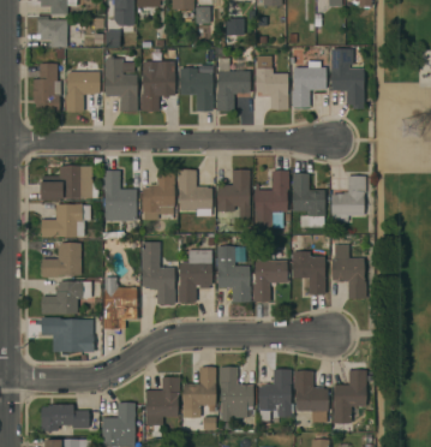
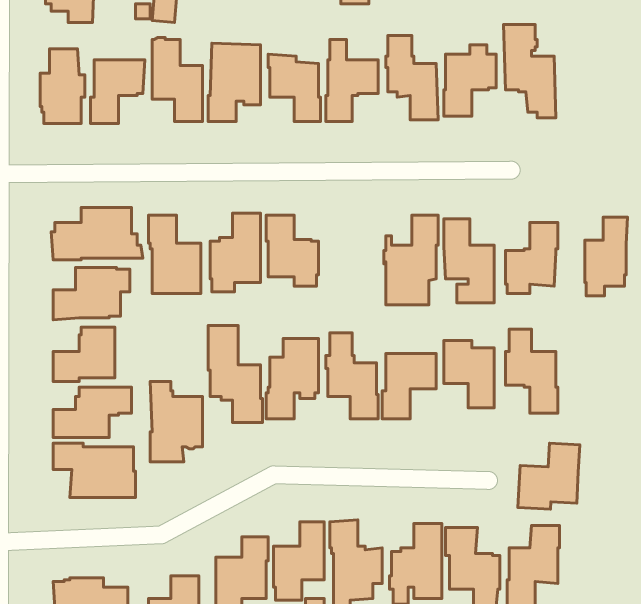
building: [216,169,250,214] -> none
building: none -> [585,217,628,296]
building: none -> [518,443,580,509]

